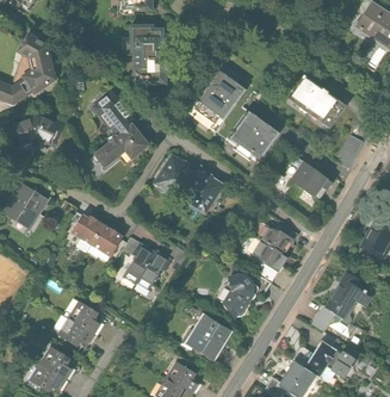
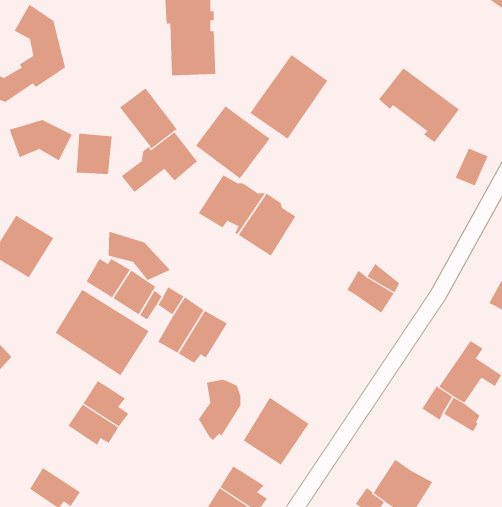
building: [225,107,279,160] -> [195,105,270,179]
building: none -> [76,133,112,175]
building: [291,156,332,198] -> none
building: none -> [108,231,171,281]
building: none -> [55,289,149,376]
building: [253,240,286,271] -> none
building: [222,274,253,318] -> [198,379,241,441]
building: [304,339,348,373] -> none
building: [41,346,75,380] -> none

